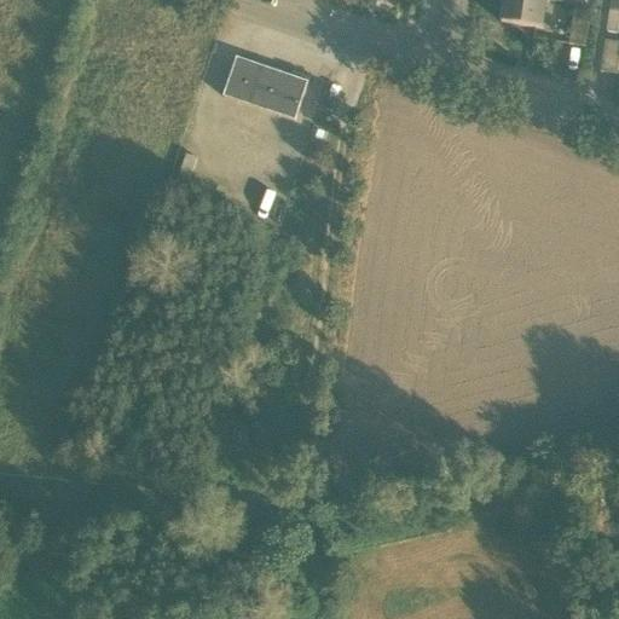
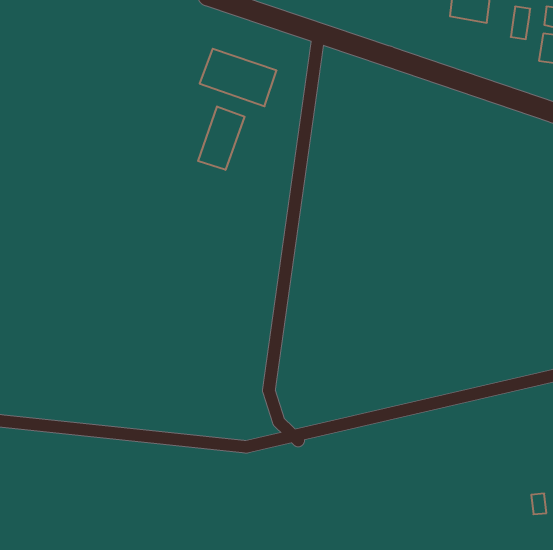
building: none -> [198,106,245,170]

